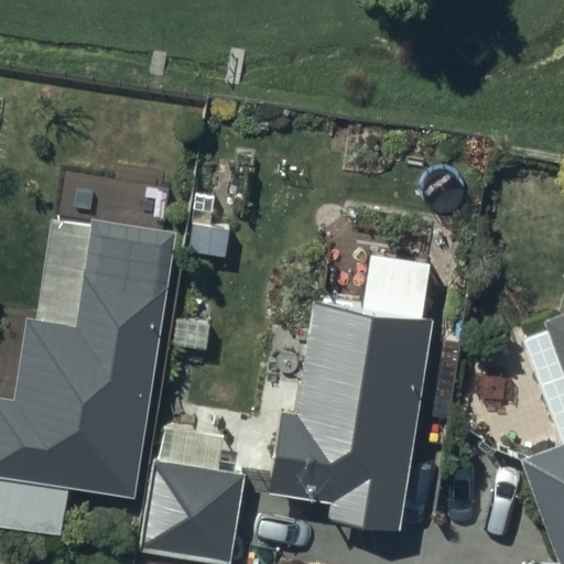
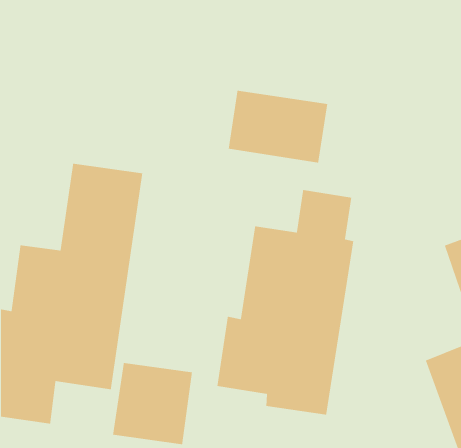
building: none -> [228,90,328,164]

